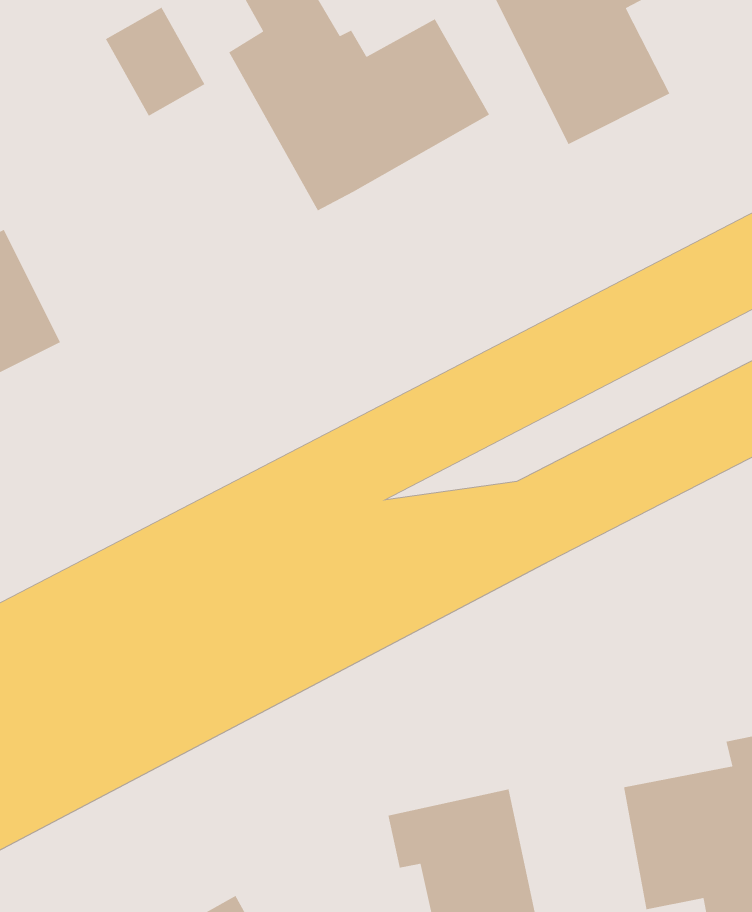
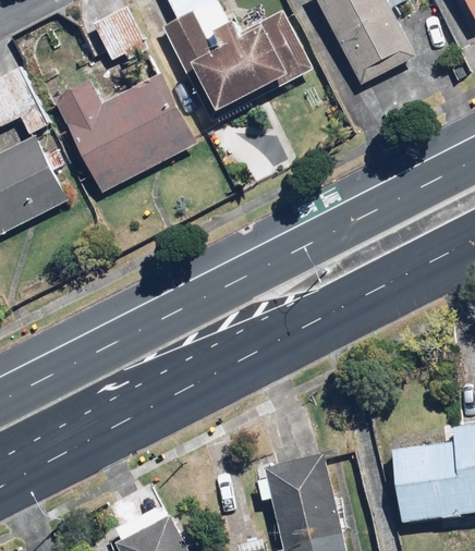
building: none -> [52,72,197,193]

